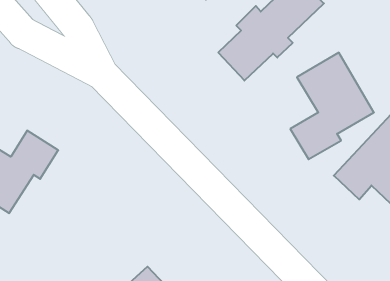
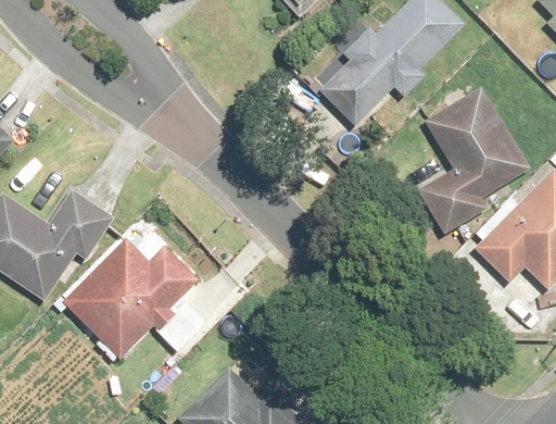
building: none -> [66,242,197,360]

